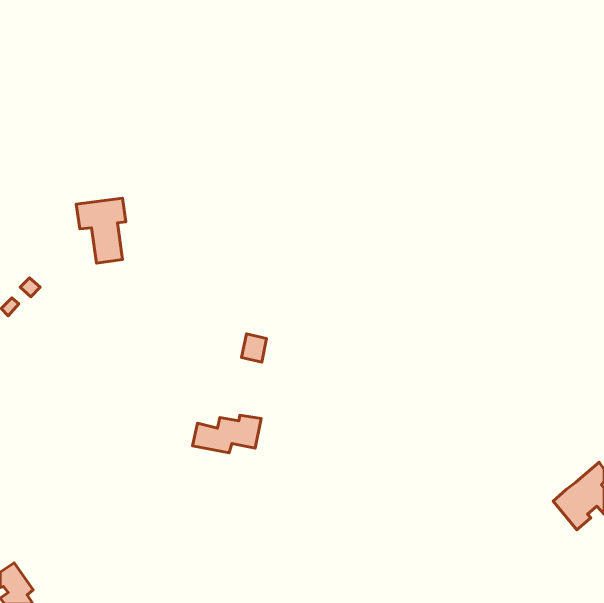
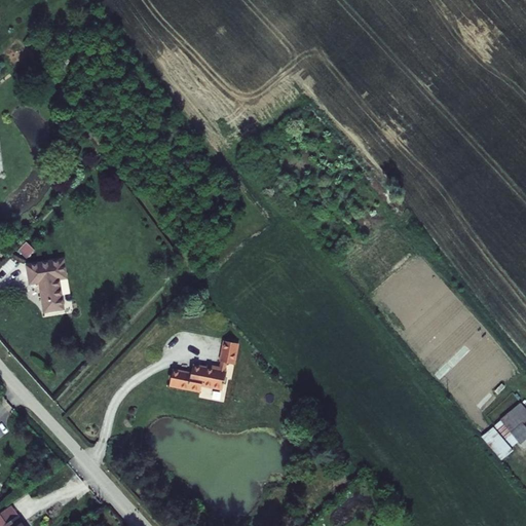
building: [76,198,126,263] -> [25,259,68,315]
building: [242,334,266,362] -> [218,341,239,366]

